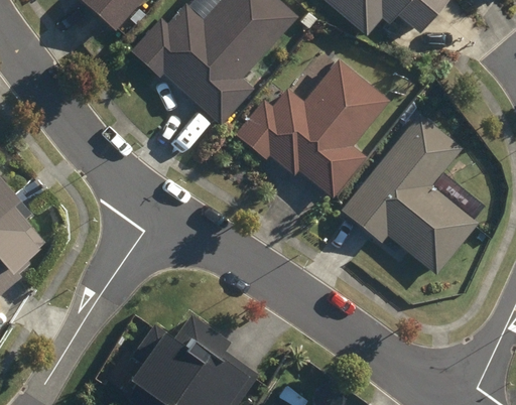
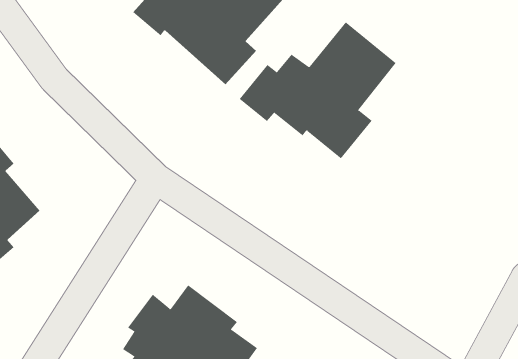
building: [340,115,478,276] -> none

